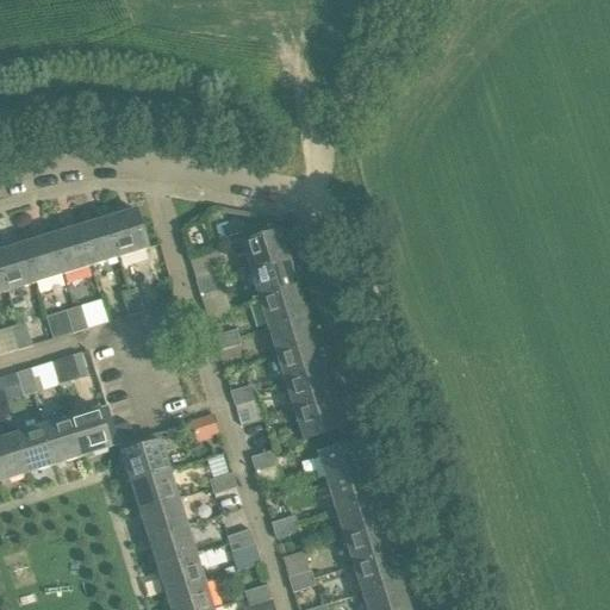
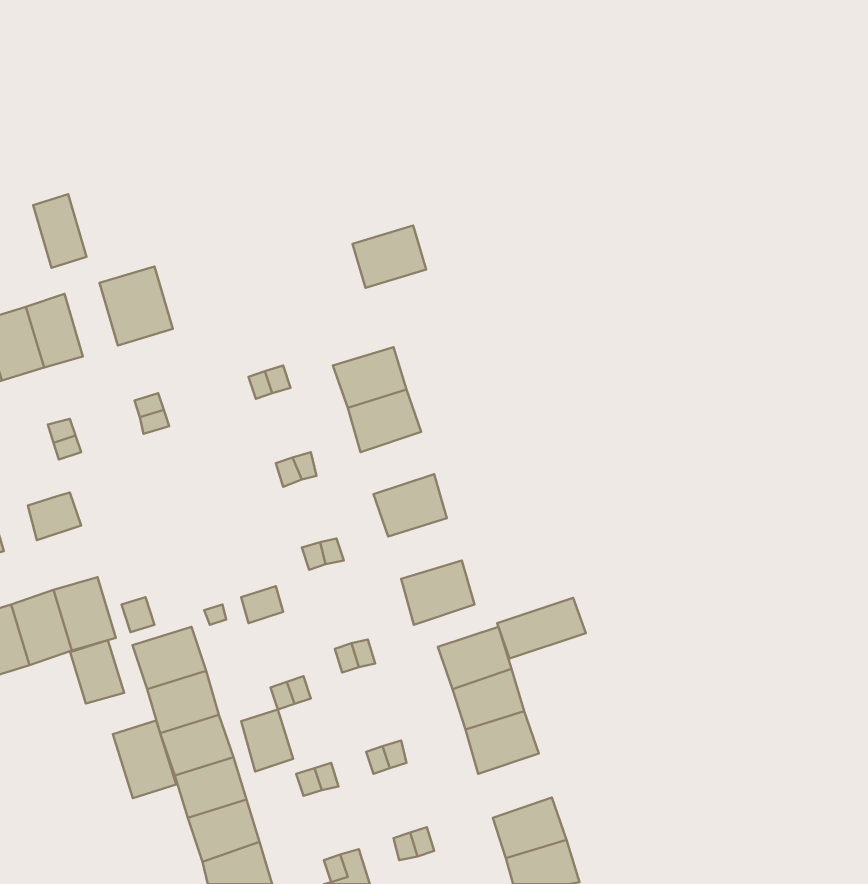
building: [76,217,111,264] -> [33,194,86,268]
building: [242,230,290,270] -> [353,225,426,288]
building: [268,313,316,354] -> none
building: [286,369,334,409] -> none
building: none -> [497,598,586,658]
building: none -> [70,640,124,703]
building: none -> [241,709,293,771]
building: none -> [113,721,176,798]
building: [344,522,392,564] -> none

